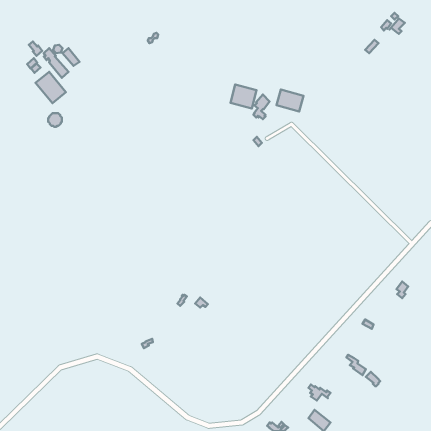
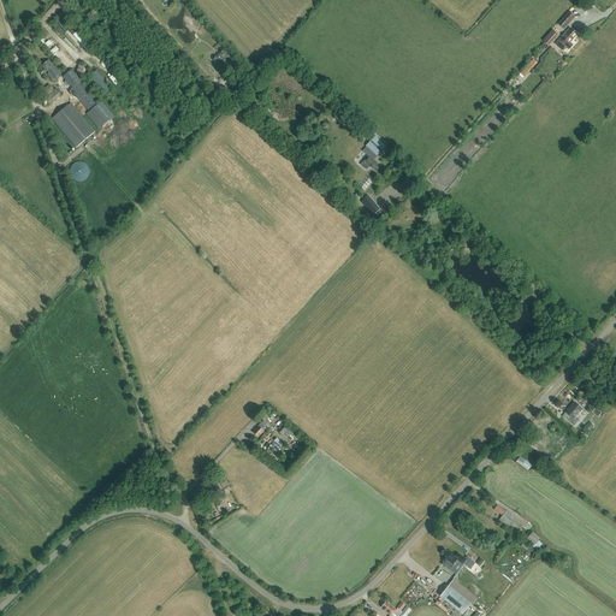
building: [230,84,257,109] -> none
building: [277,90,303,111] -> none

